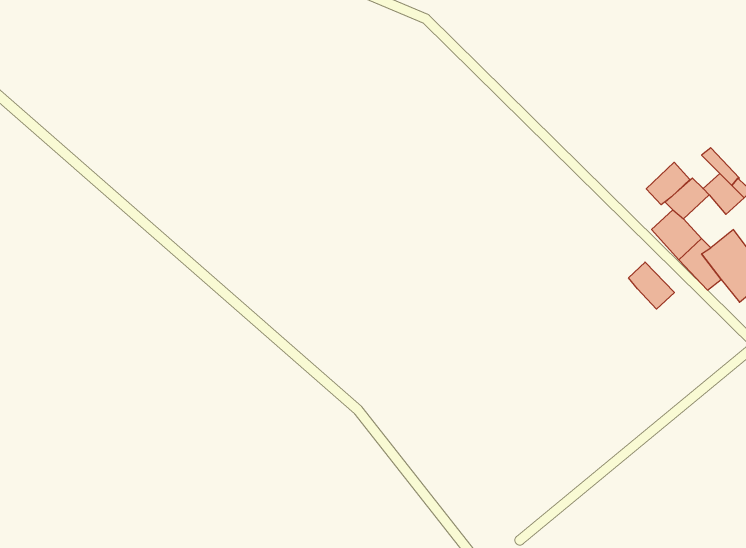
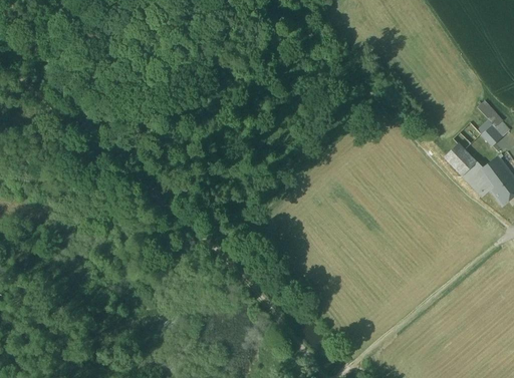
building: [646,162,690,205] -> none
building: [629,262,674,309] -> none

